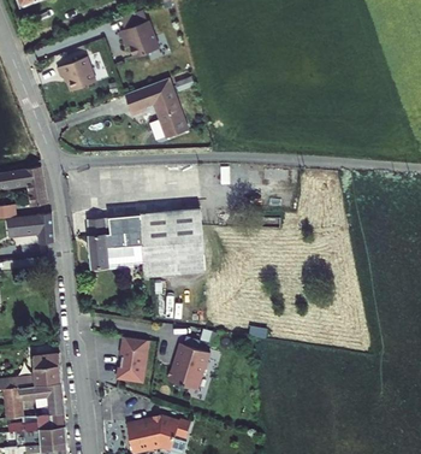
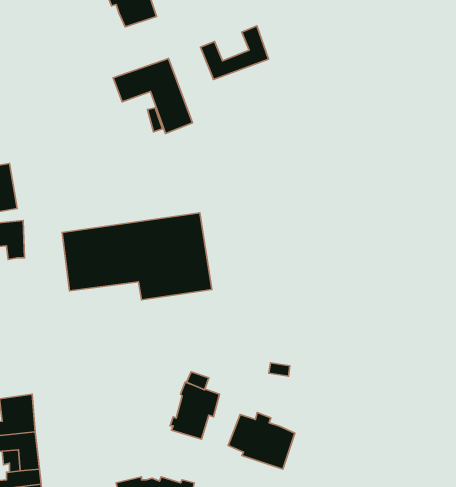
building: none -> [201,26,269,80]
building: [54,61,95,98] -> none
building: [118,336,147,379] -> none
building: none -> [228,413,295,469]

